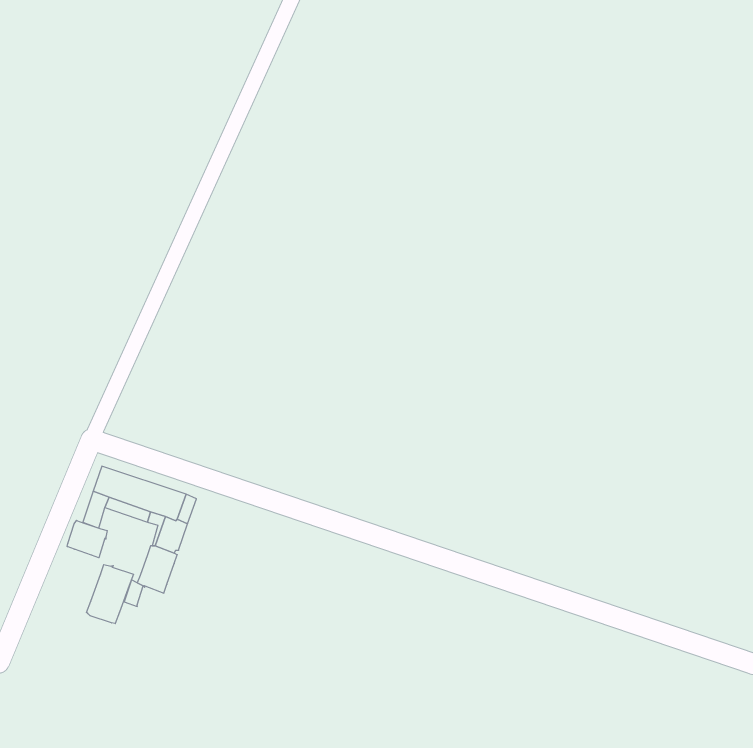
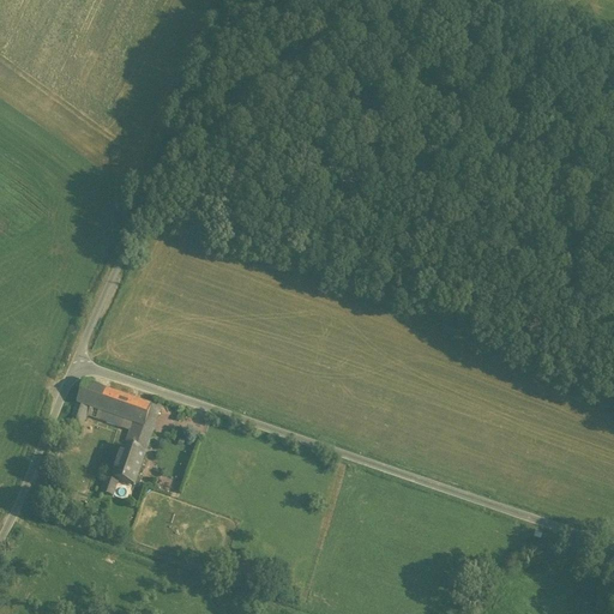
building: [67,520,107,558] -> none
building: [87,565,134,624] -> none

